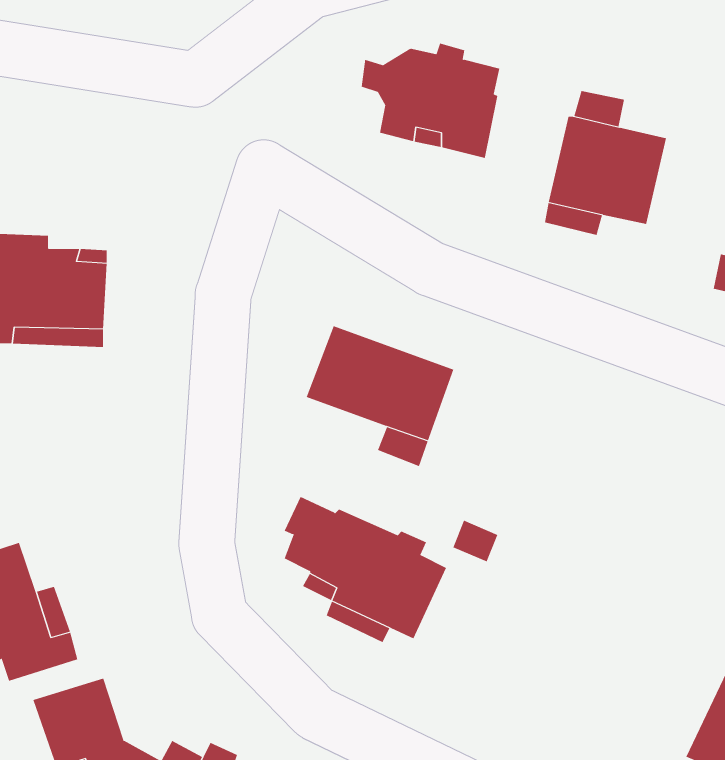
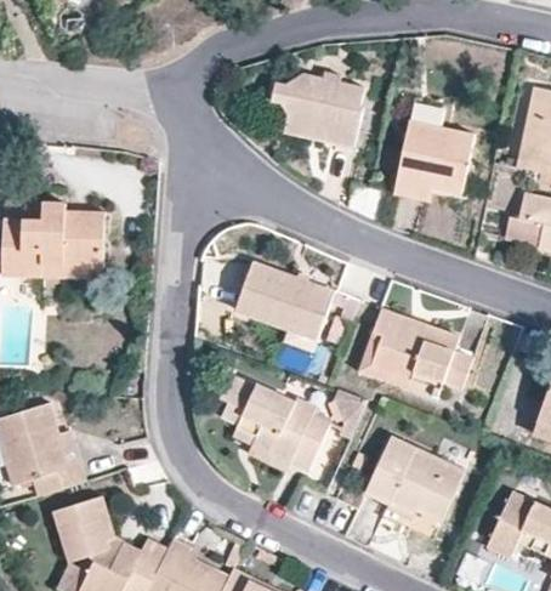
building: none -> [357,307,473,397]
building: none -> [367,436,465,519]

